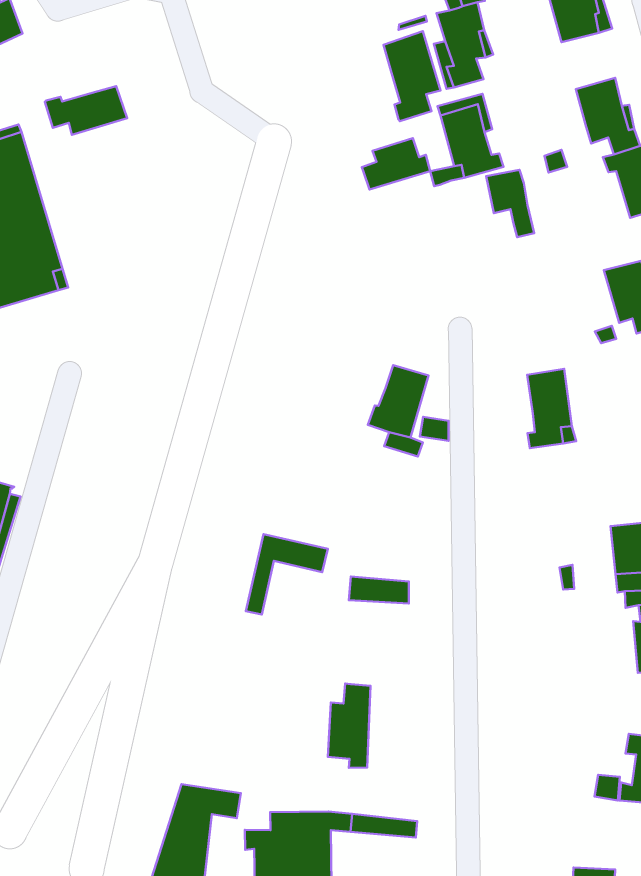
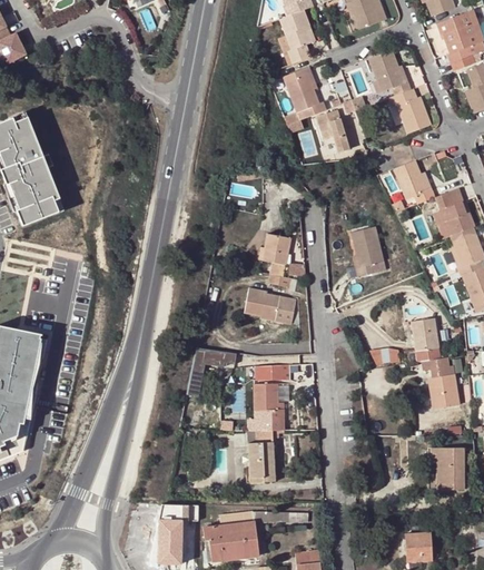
building: [383,31,441,121] -> none
building: [45,86,127,135] -> none
building: [362,138,430,190] -> none
building: none -> [245,291,296,327]
building: none -> [248,386,284,433]

